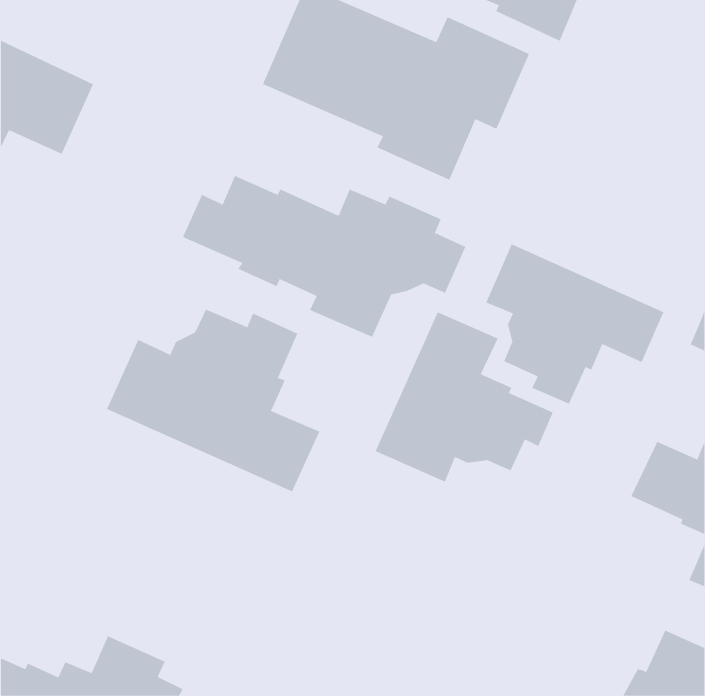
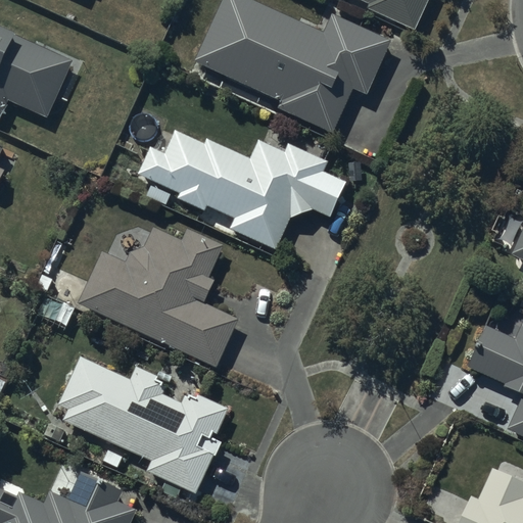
building: [485,243,664,405] -> none
building: [375,311,553,483] -> none
building: none -> [57,354,229,493]

